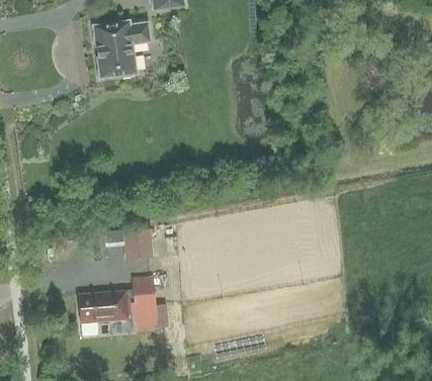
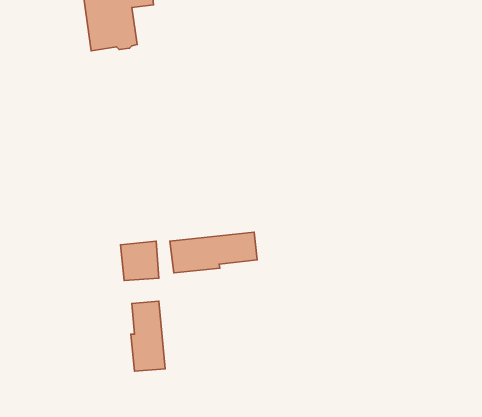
building: none -> [170,232,257,273]
building: [78,290,127,321] -> none

